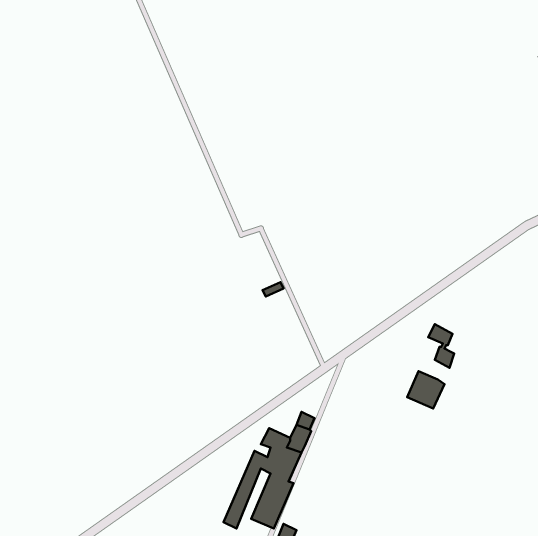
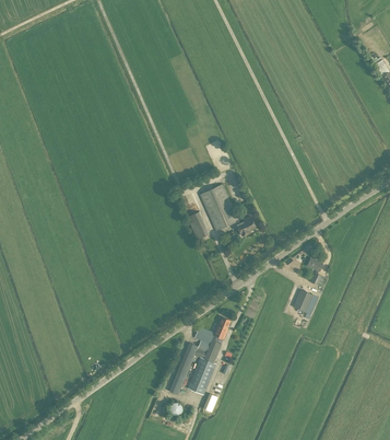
building: none -> [199,184,256,235]

